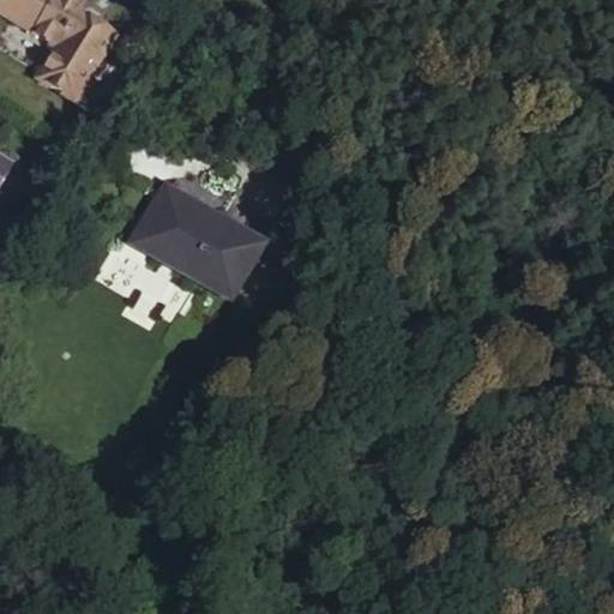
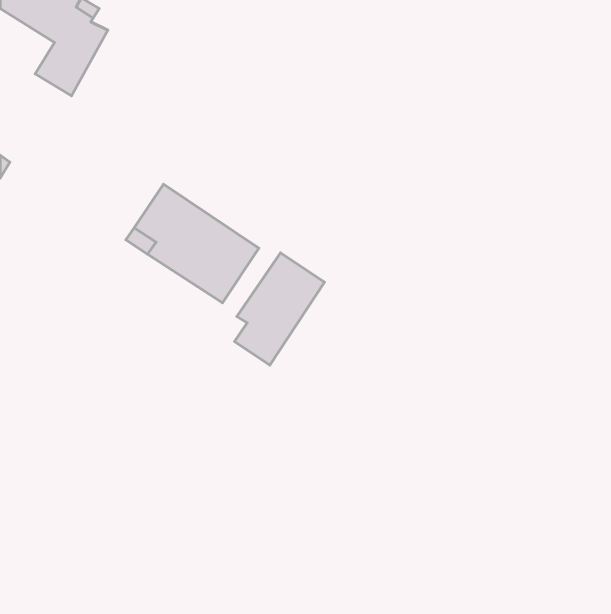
building: none -> [235,253,325,365]

